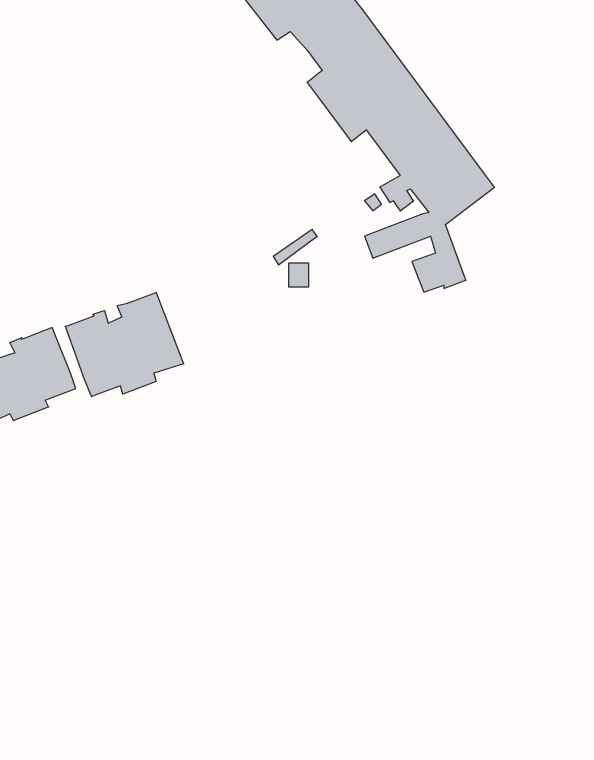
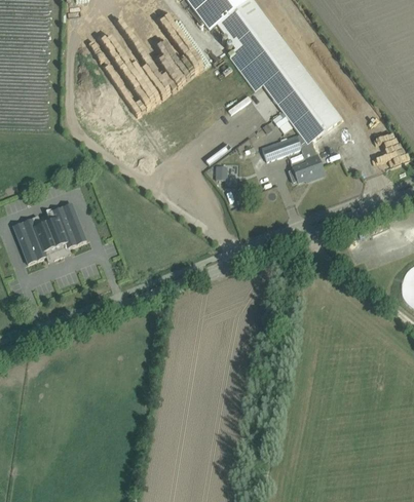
building: [65,292,184,397] -> none

